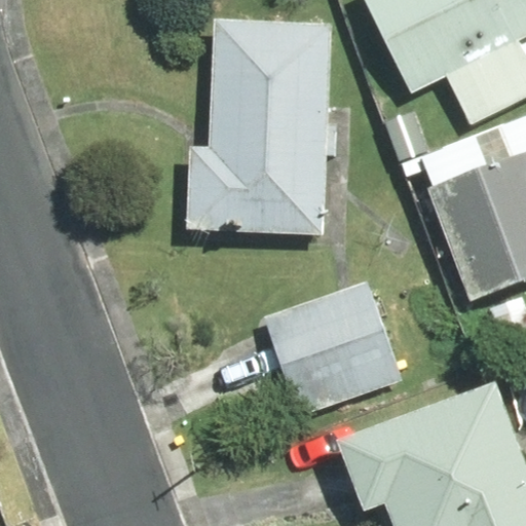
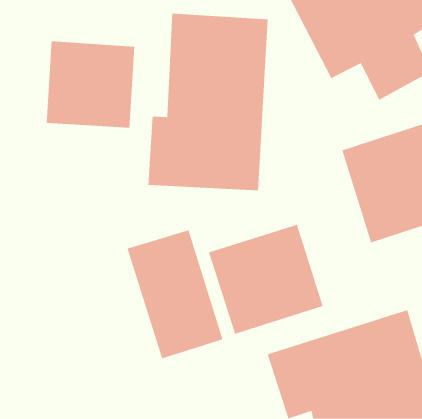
building: none -> [46,41,135,128]
building: none -> [127,230,223,359]

